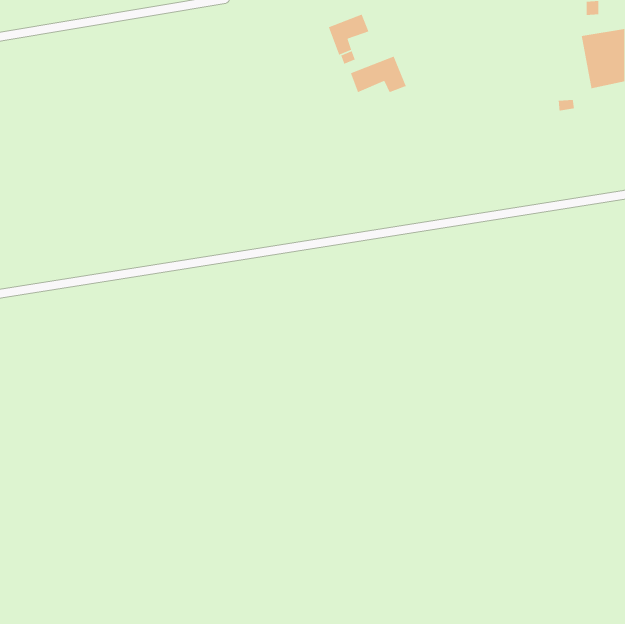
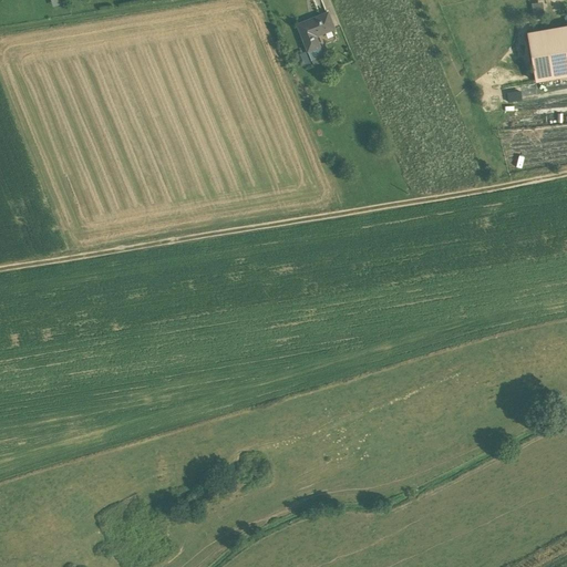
building: [350,56,407,93] -> none

